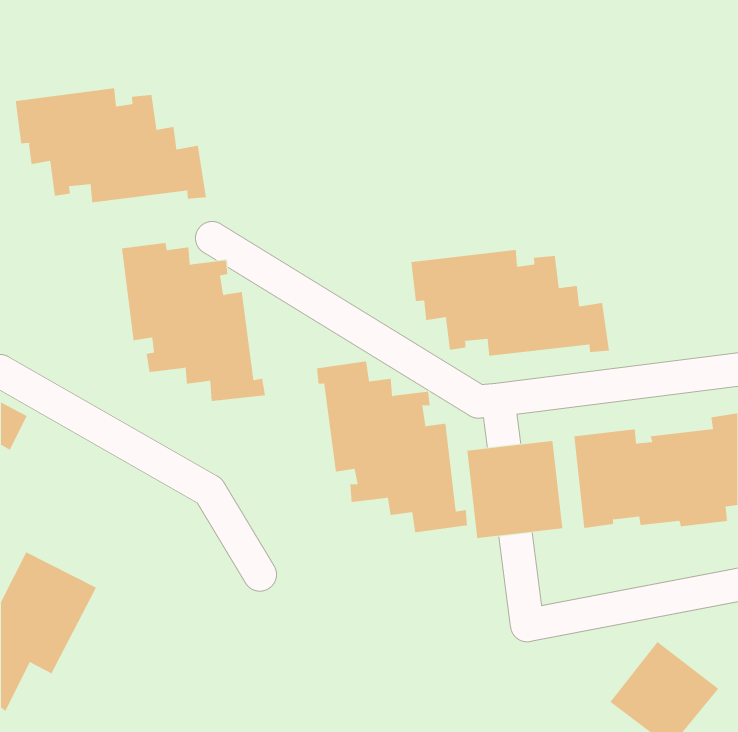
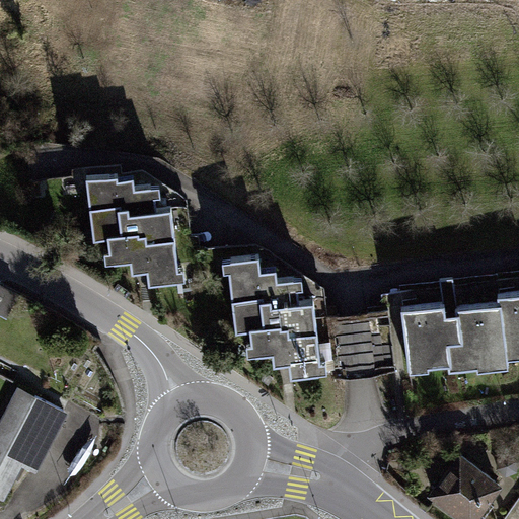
building: [15,87,206,203] -> none
building: [411,249,609,356] -> none

